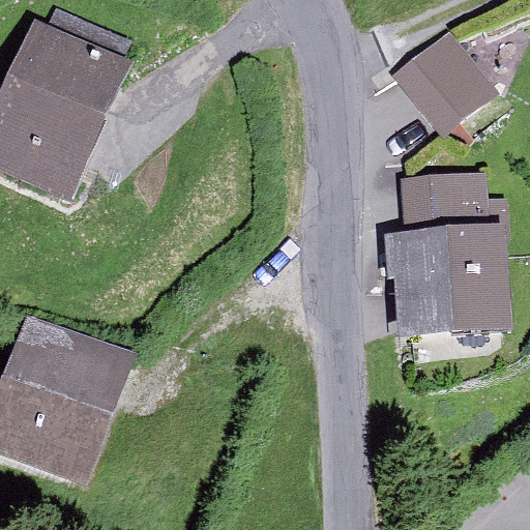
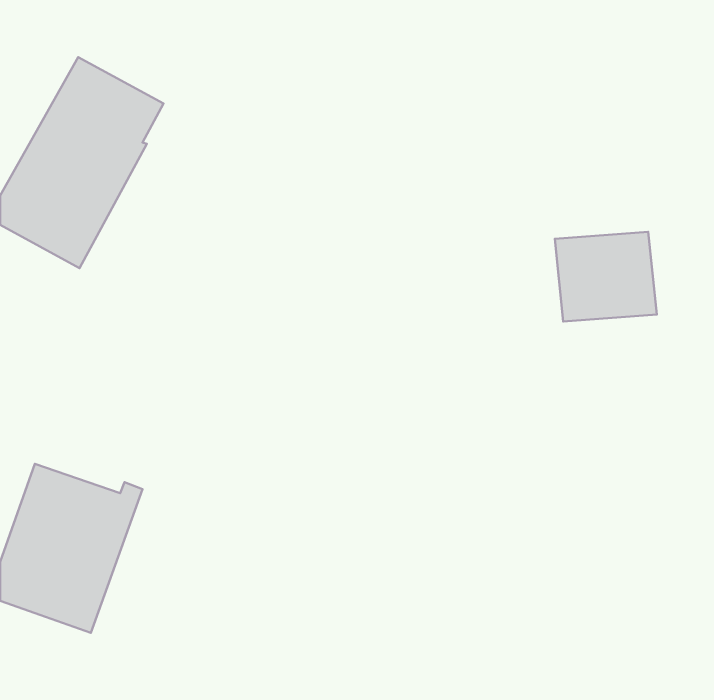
building: [400,32,487,120] -> none
building: [387,233,497,321] -> none

